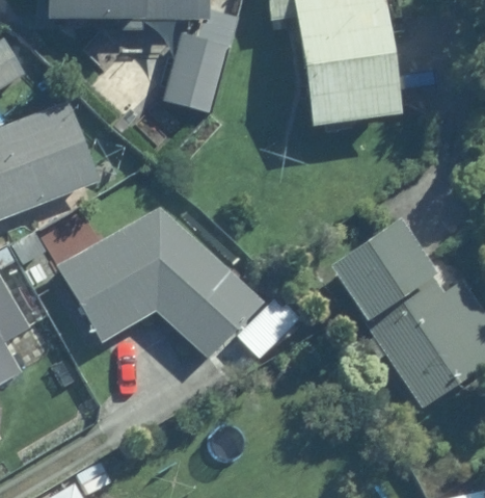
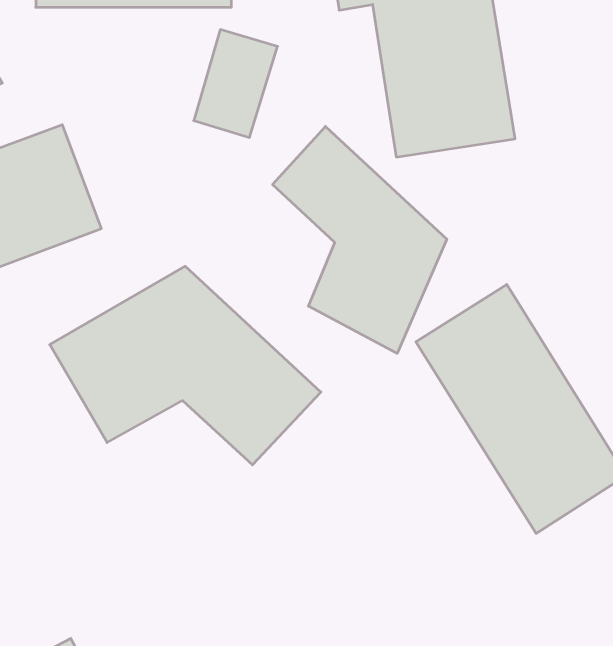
building: none -> [273,126,447,353]

